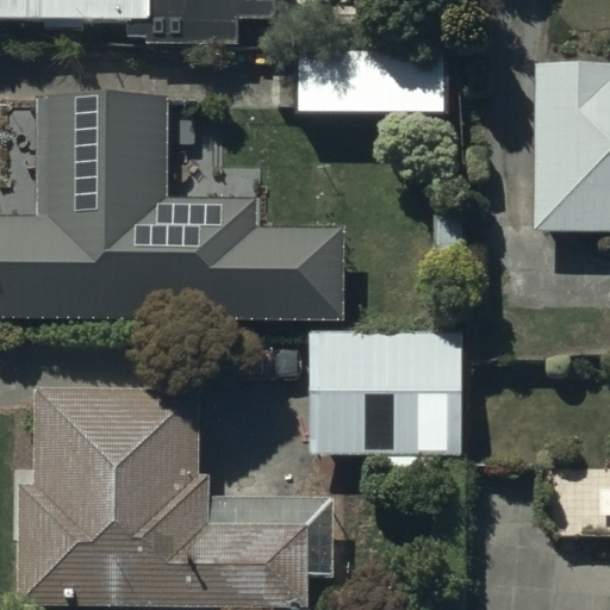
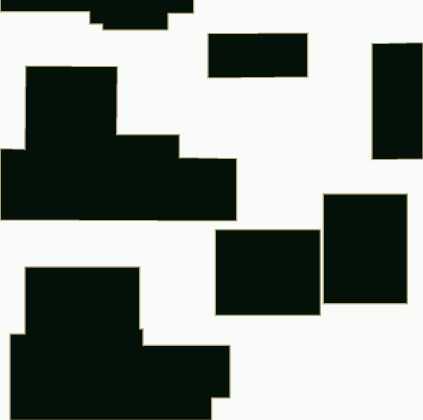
building: none -> [323,194,407,304]

